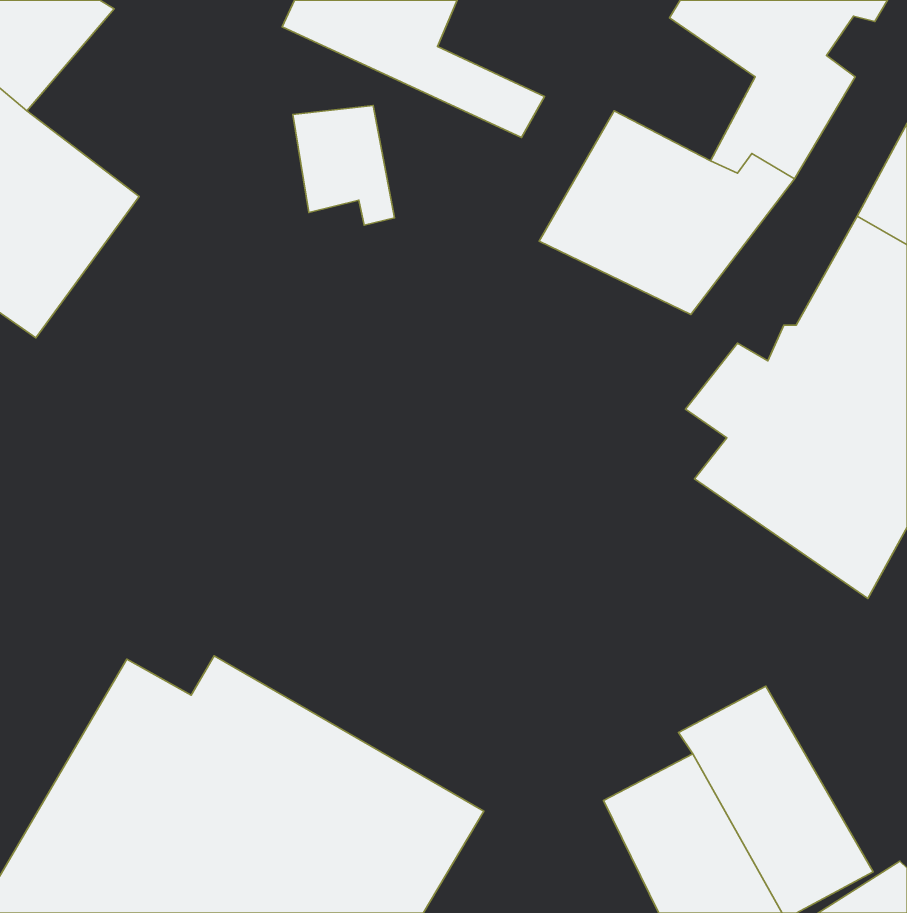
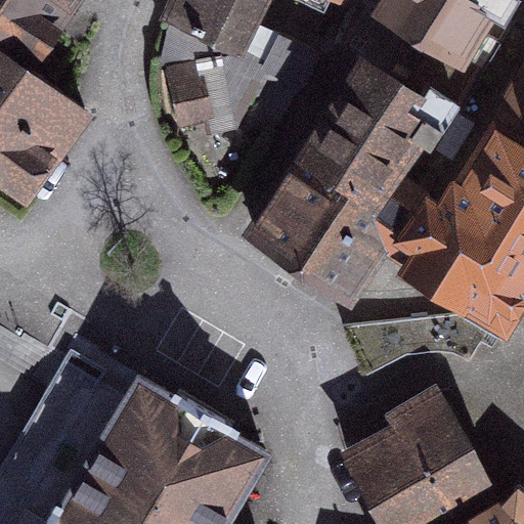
building: none -> [254,138,423,294]

